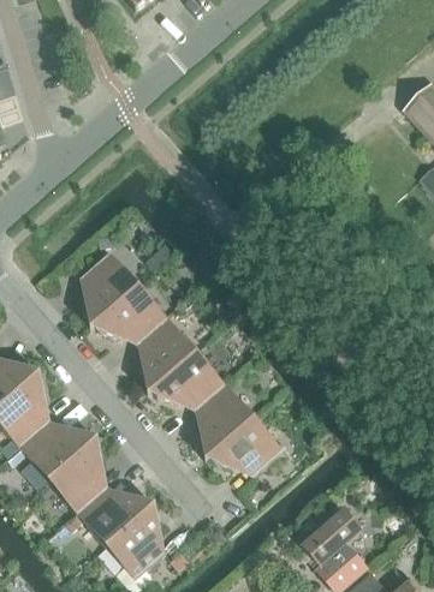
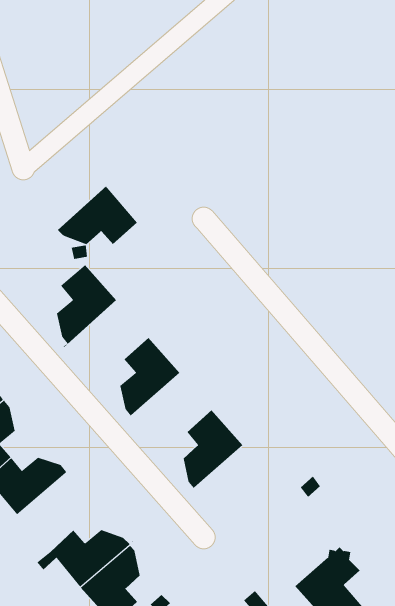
building: [90,283,167,337] -> [54,186,138,245]
building: [147,349,225,403] -> none
building: [204,415,283,470] -> none
building: [47,437,102,513] -> none

